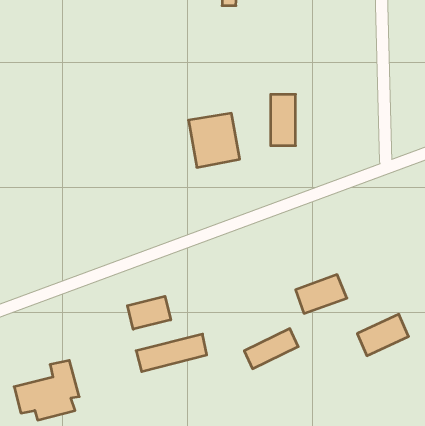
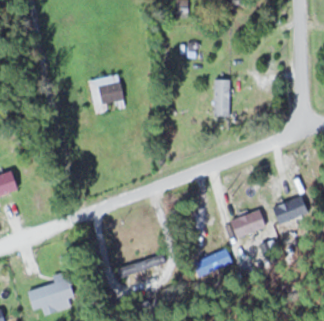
building: [188,113,240,167] -> [88,75,125,114]
building: [127,296,171,329] -> none
building: [357,314,409,356] -> [272,196,309,226]

